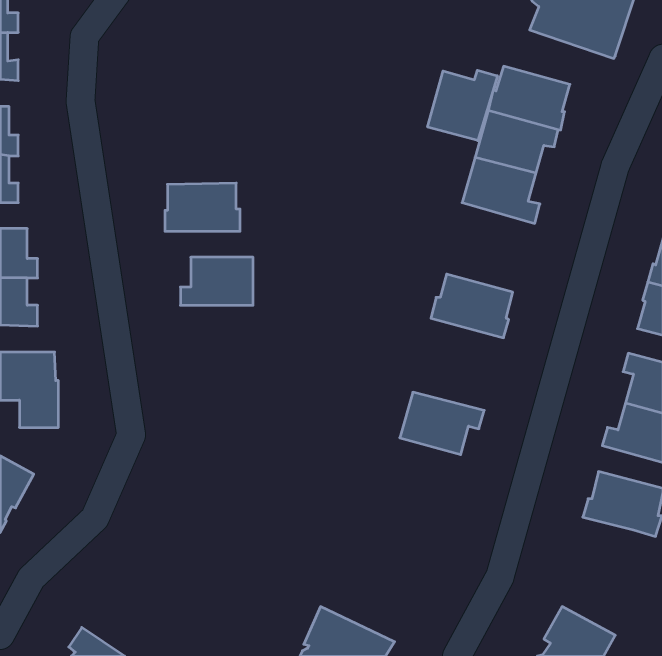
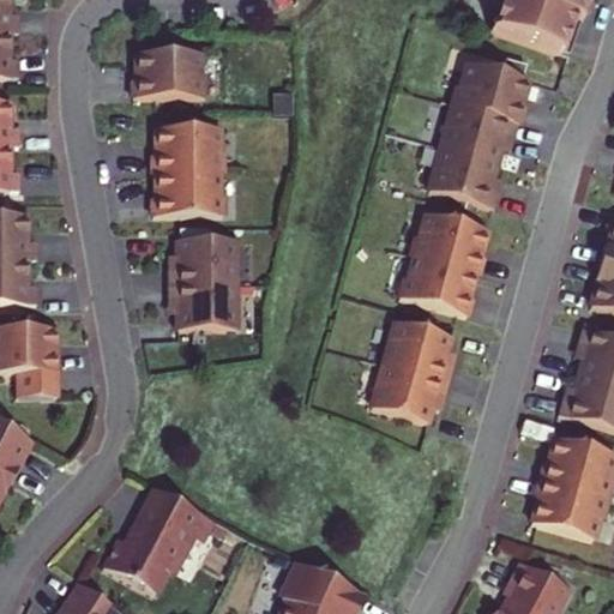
building: none -> [133,49,203,95]
building: [428,70,497,141] -> none
building: none -> [152,125,223,170]
building: none -> [410,210,487,271]
building: none -> [168,282,236,326]
building: none -> [383,318,452,379]
building: none -> [531,477,607,537]
building: none -> [104,486,212,591]

